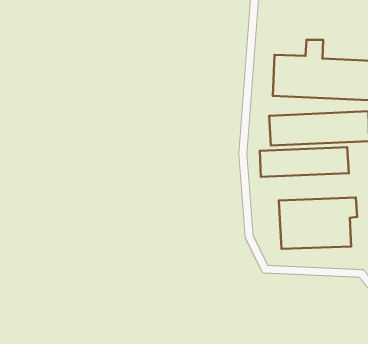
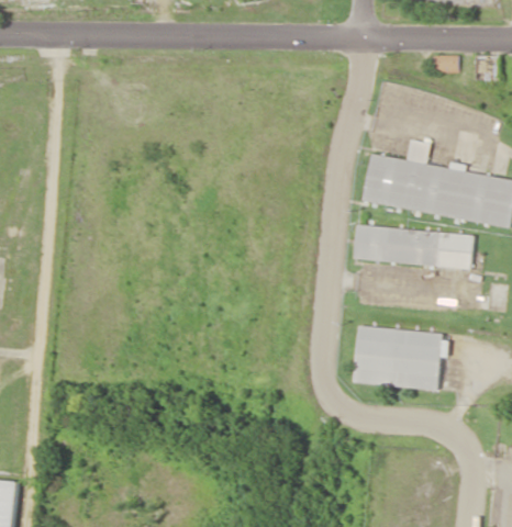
building: [260,147,349,177] -> none

